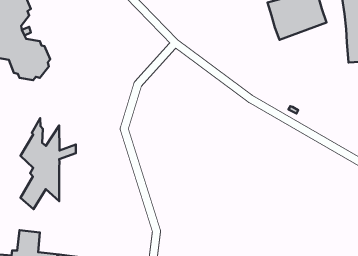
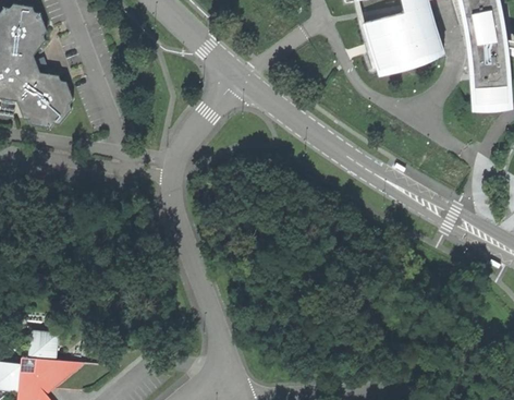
building: [21,118,76,209] -> none

